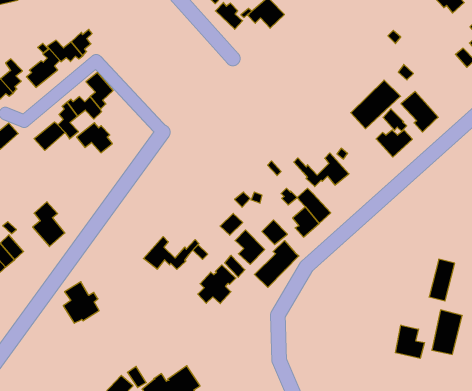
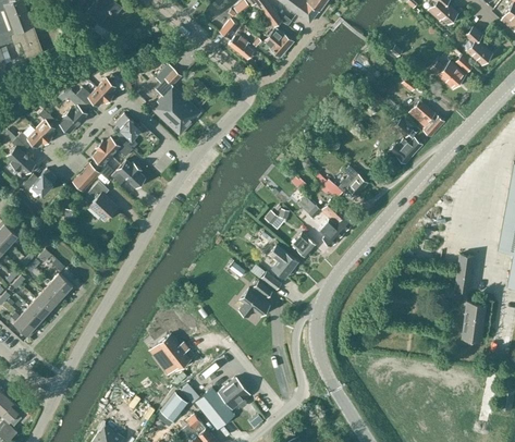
building: none -> [151,63,200,135]
building: none -> [431,61,464,88]
building: [351,80,401,129] -> none
building: [33,202,65,247] -> [87,181,118,222]
building: [143,237,199,269] -> none
building: [254,241,299,287] -> none
building: [63,282,99,323] -> [156,333,189,372]
building: [395,325,425,358] -> none

